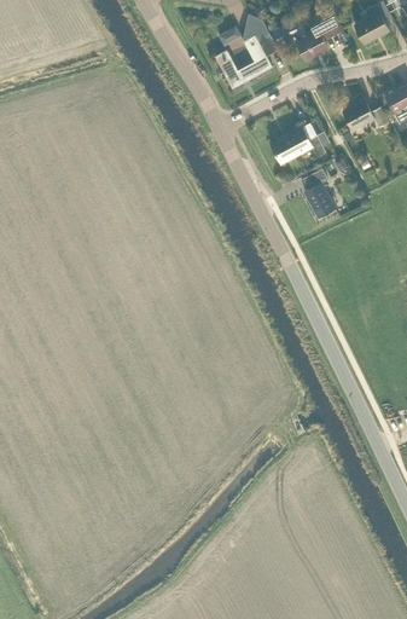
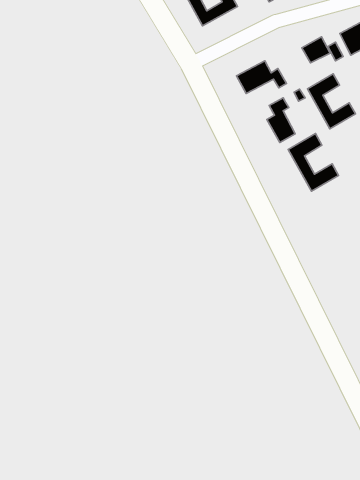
building: none -> [308,74,356,129]
building: none -> [288,134,339,191]

